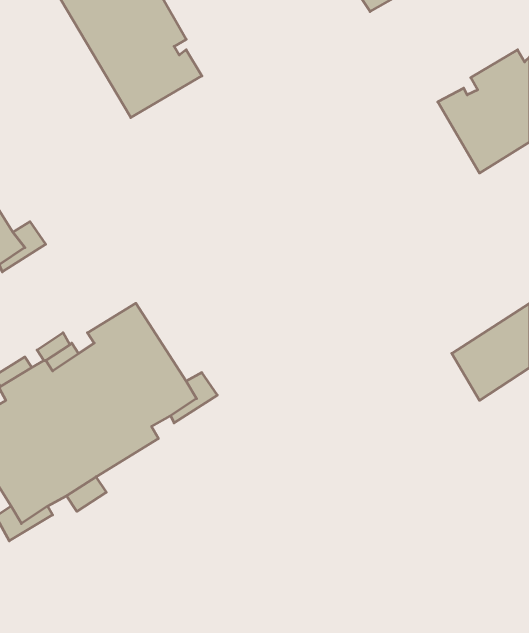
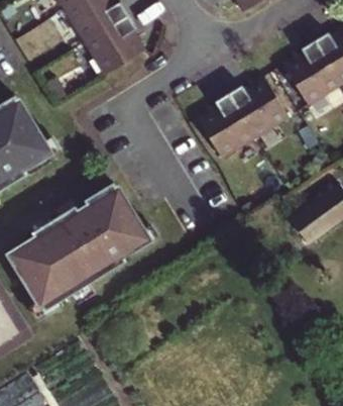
building: none -> [198,76,290,158]

